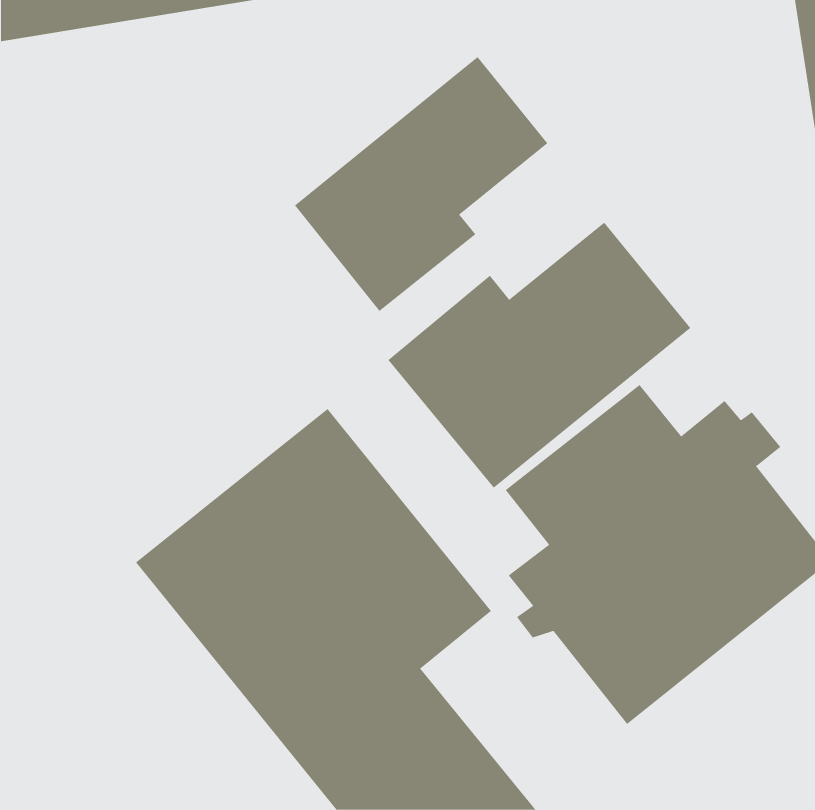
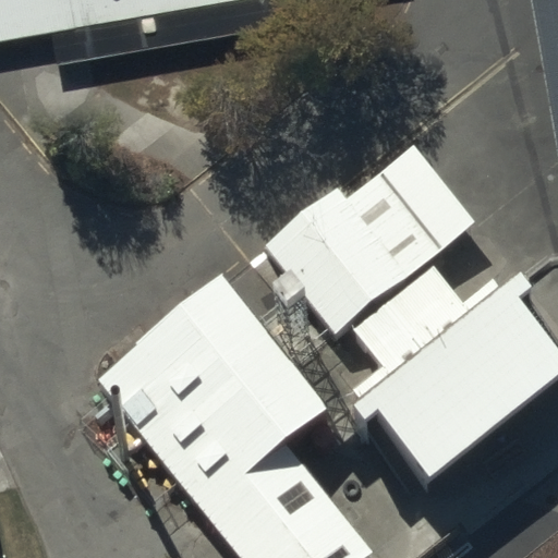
building: [294,56,548,312] -> none

